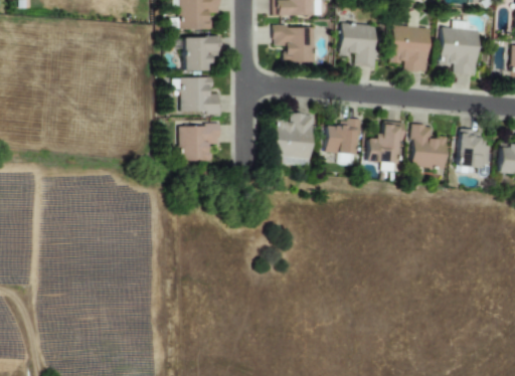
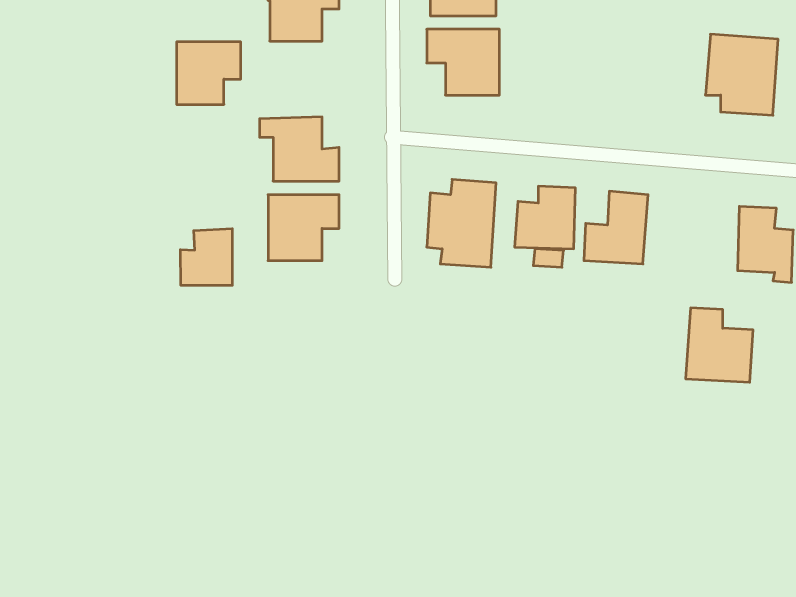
building: [390,12,432,72] -> none
building: [340,23,378,67] -> none
building: [183,35,221,72] -> [177,42,241,104]
building: [407,125,448,169] -> [686,308,753,382]
building: none -> [180,229,232,285]

